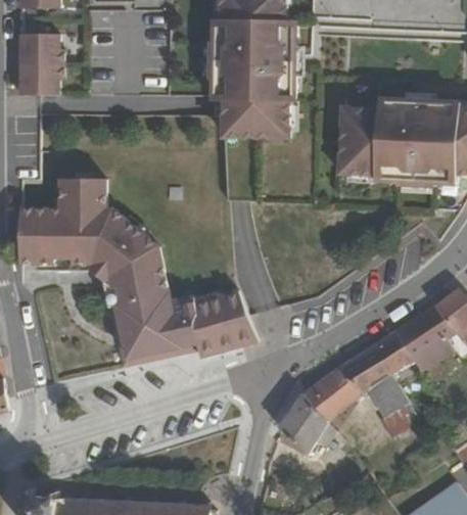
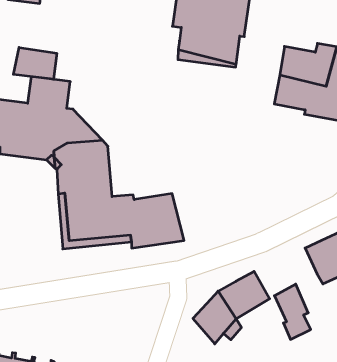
building: none -> [13,47,57,79]
building: [340,331,412,393] -> none

